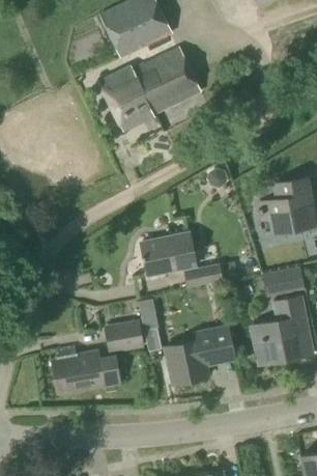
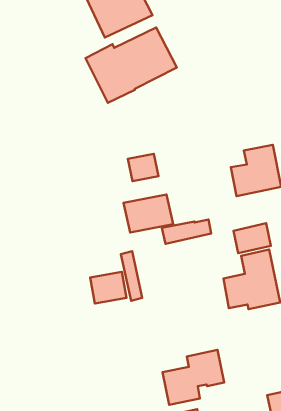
building: none -> [128,154,158,181]
building: [166,324,234,385] -> [163,350,224,405]
building: [53,347,121,393] -> none

